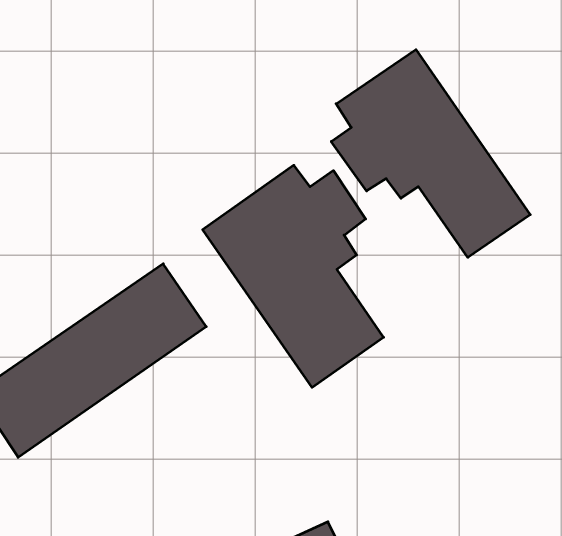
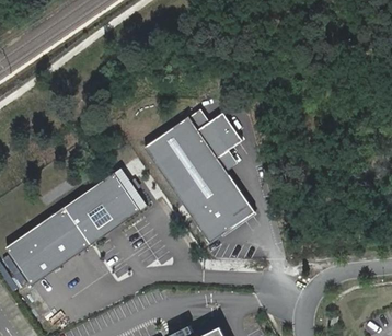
building: [331,50,530,257] -> none

